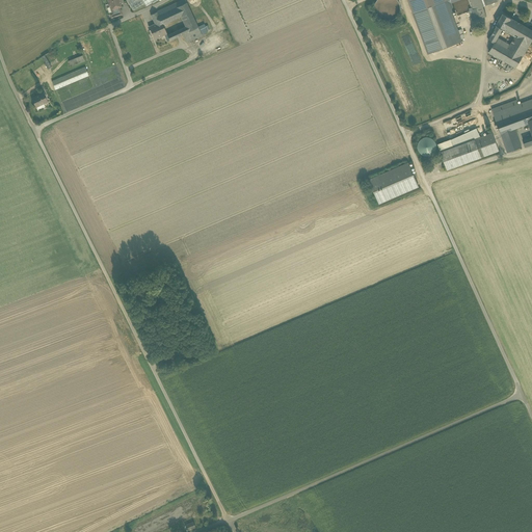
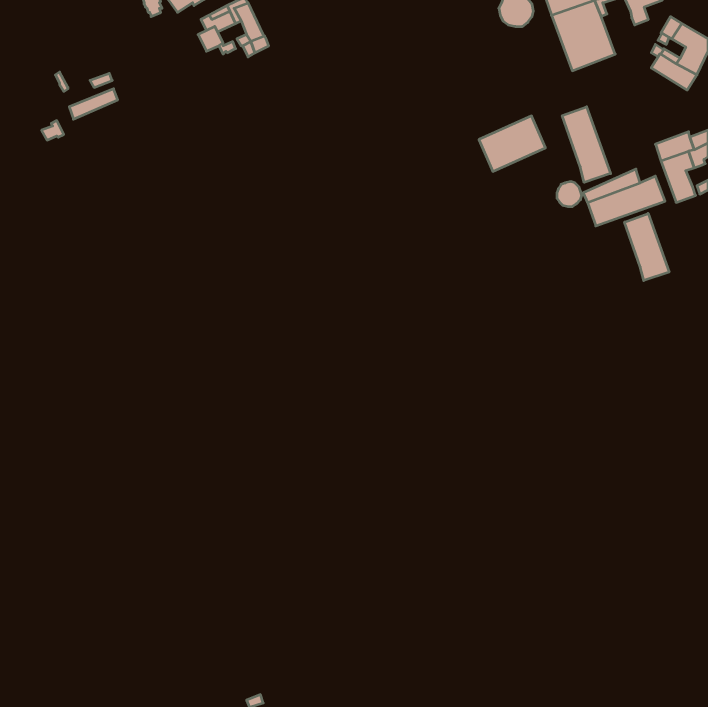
building: none -> [562,107,611,182]
building: none -> [625,213,669,281]
building: [369,162,419,204] -> [479,116,545,171]

